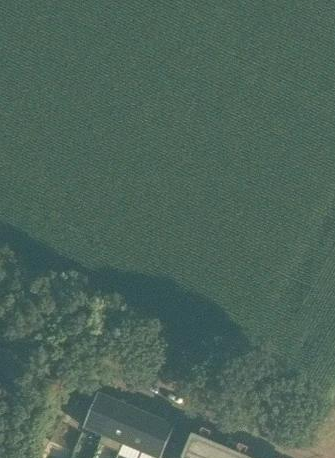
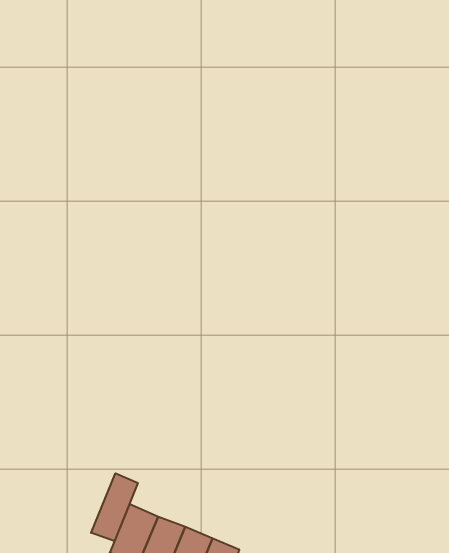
building: none -> [91,473,138,541]

